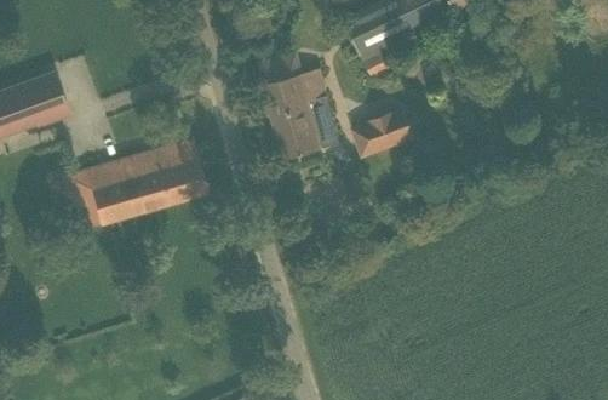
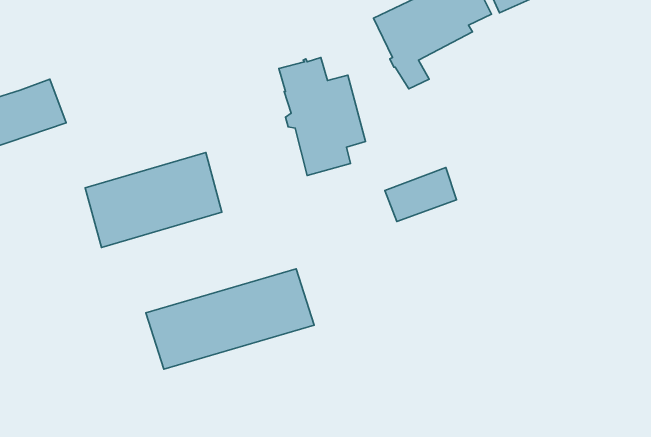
building: [349,108,413,156] -> [385,167,457,222]
building: none -> [146,269,314,369]

